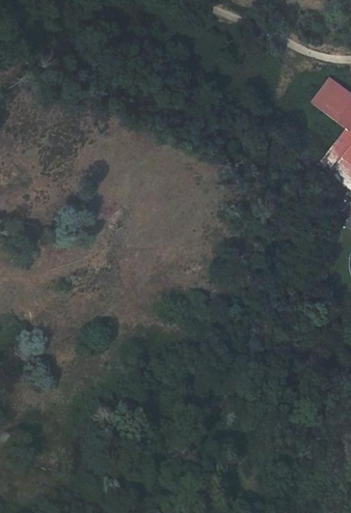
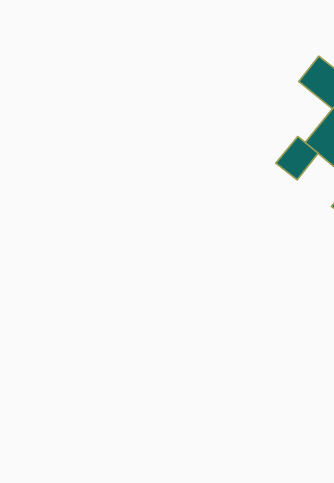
building: none -> [276,137,318,180]

